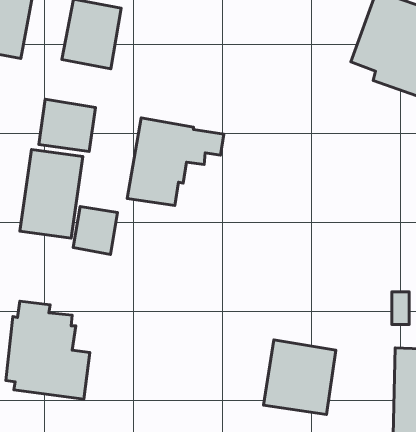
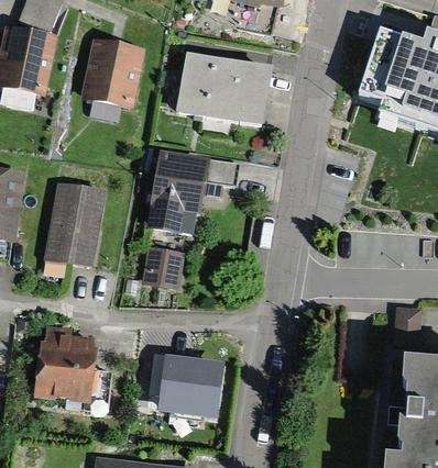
building: none -> [177,53,271,125]
building: [39,99,95,152] -> none
building: [73,207,117,254] -> [143,245,185,290]
building: [263,340,336,414] -> [156,349,225,420]

